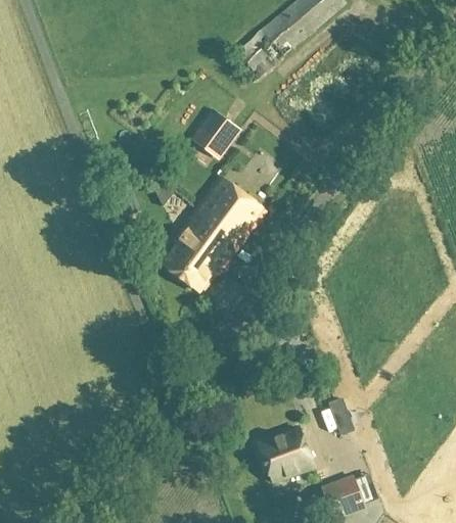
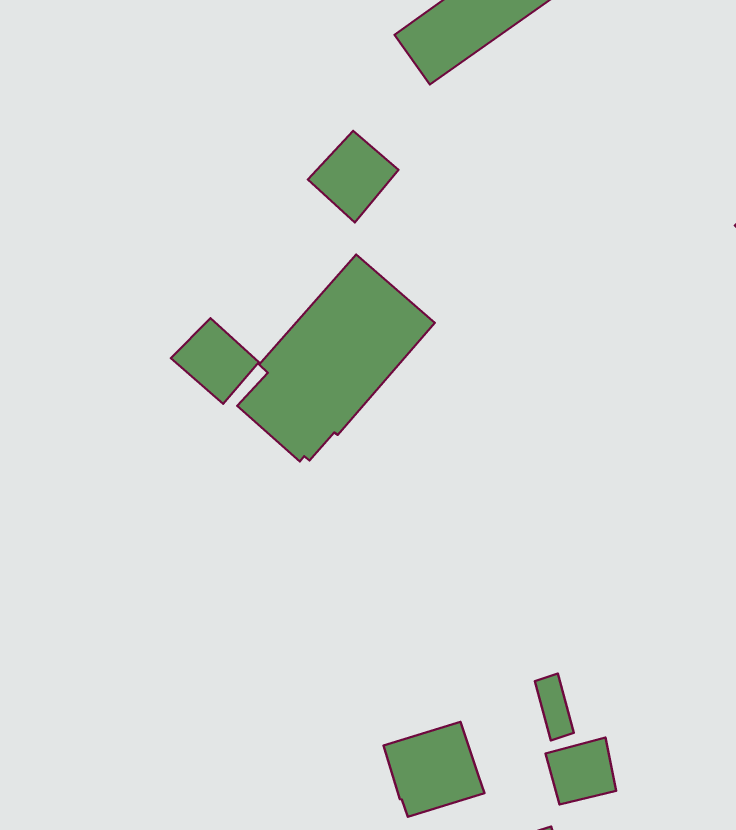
building: none -> [171,318,259,404]
building: none -> [545,737,616,805]

